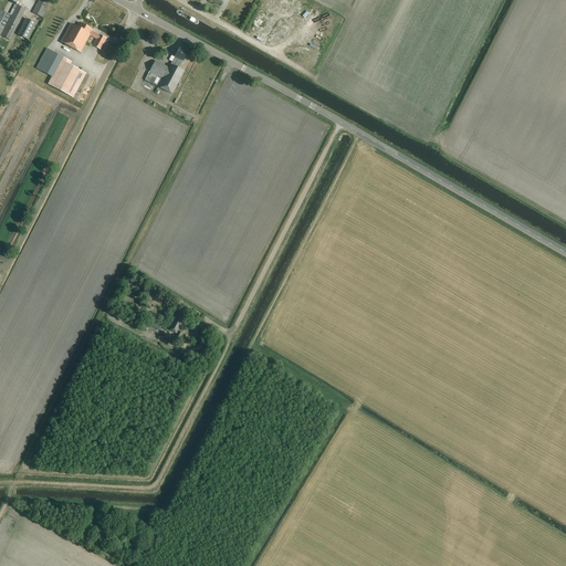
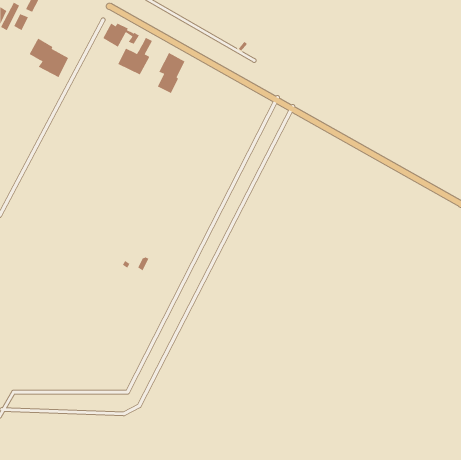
building: [60,21,105,51] -> [103,23,140,47]
building: none -> [157,52,185,94]

